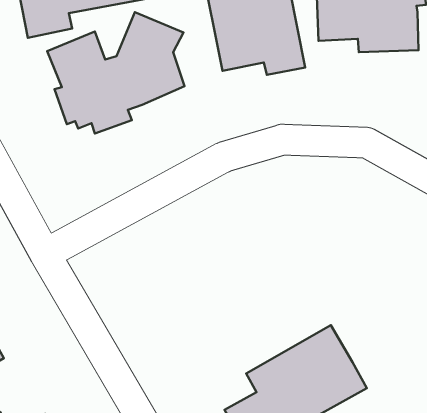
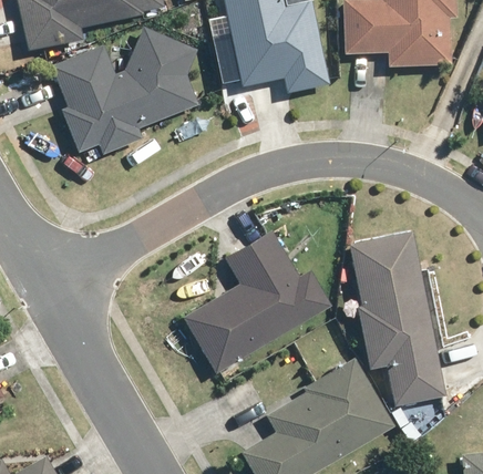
building: none -> [181,228,331,374]
building: none -> [347,233,445,405]

